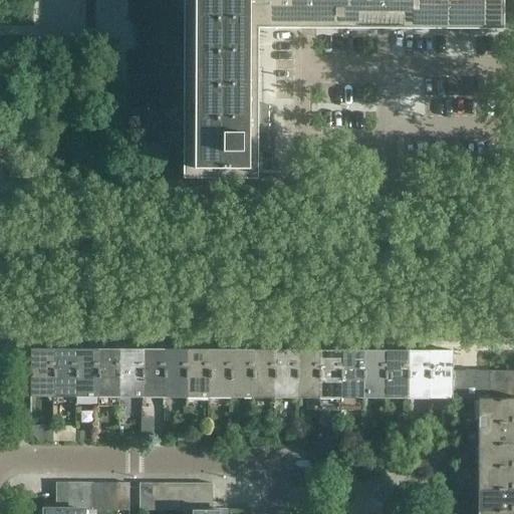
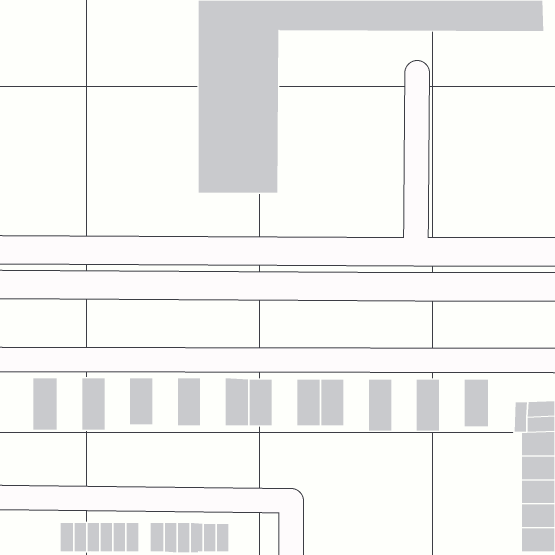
building: [53,349,75,393] -> none
building: [97,349,119,398] -> none
building: [142,349,164,394] -> none
building: [186,349,208,394] -> none
building: [252,350,274,394] -> none
building: [318,350,340,394] -> none
building: [362,350,384,399] -> none
building: [407,350,429,399] -> none
building: [451,371,476,400] -> none

